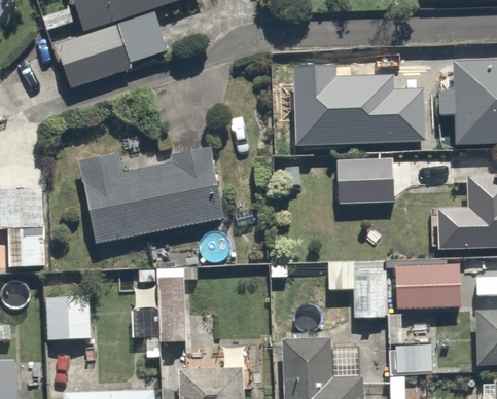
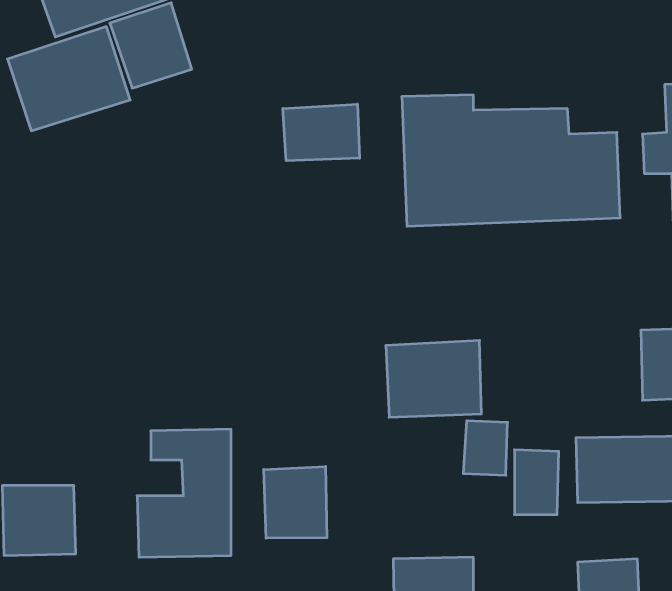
building: none -> [283,104,360,161]
building: [82,154,228,243] -> none
building: [333,155,391,202] -> [386,340,481,417]
building: none -> [264,466,327,538]

